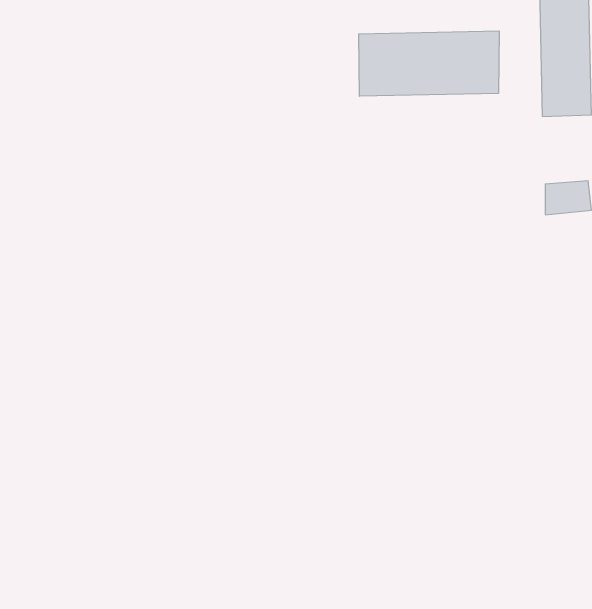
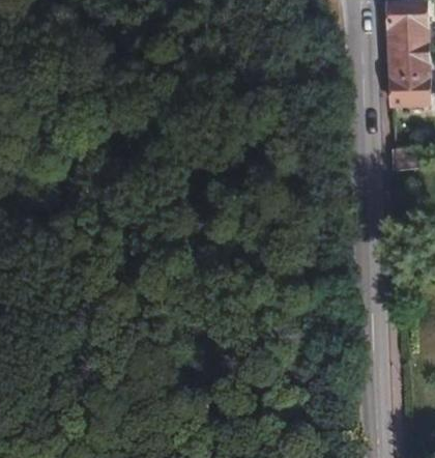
building: [359,31,499,96] -> none

